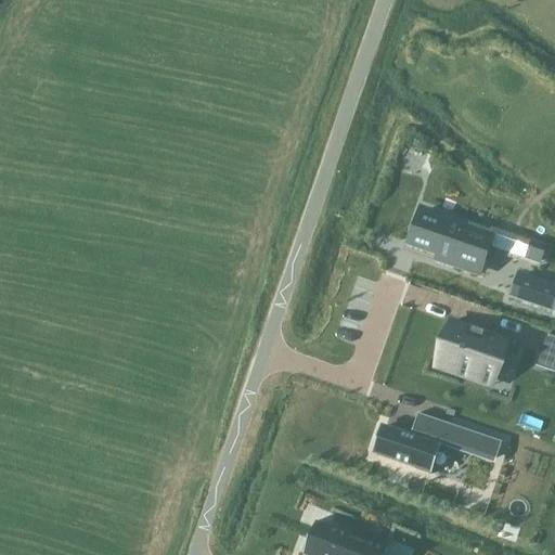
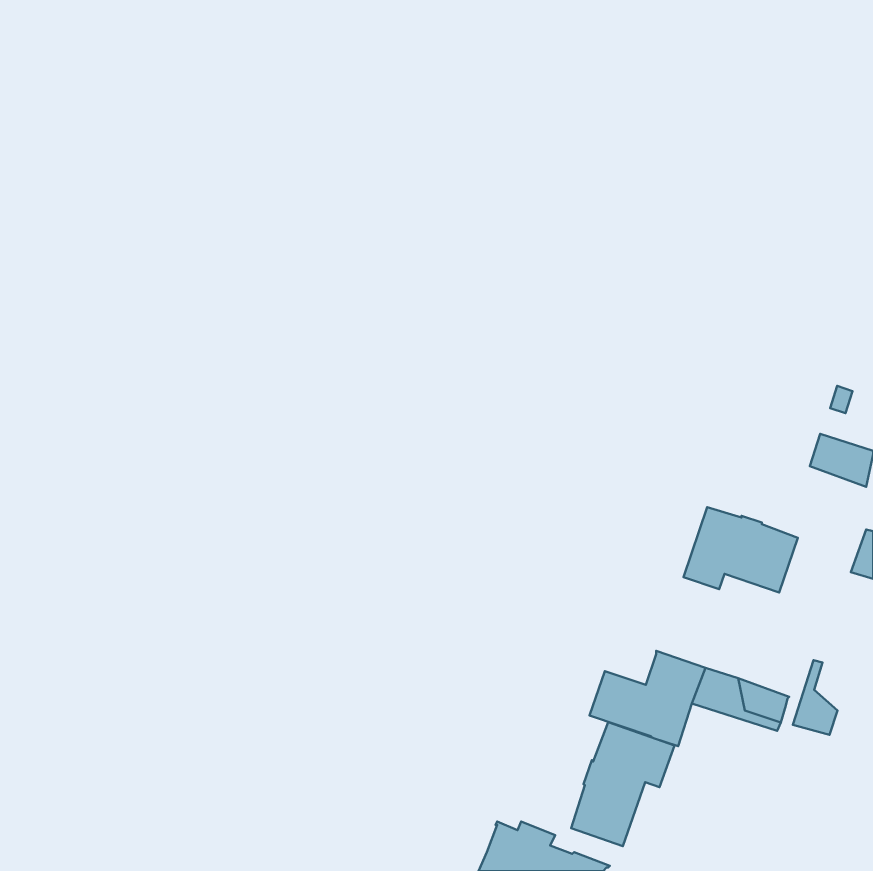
building: [411,211,492,273] -> none
building: none -> [793,660,837,735]
building: none -> [571,722,674,846]

